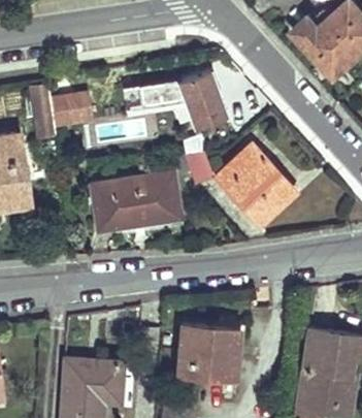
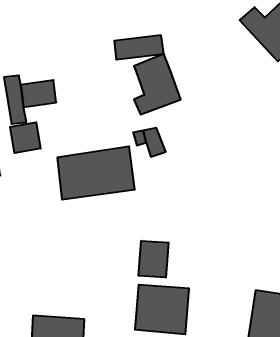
building: [125,88,179,115] -> [114,35,164,59]
building: [212,144,294,222] -> none
building: none -> [10,122,40,153]
building: none -> [138,241,169,278]

